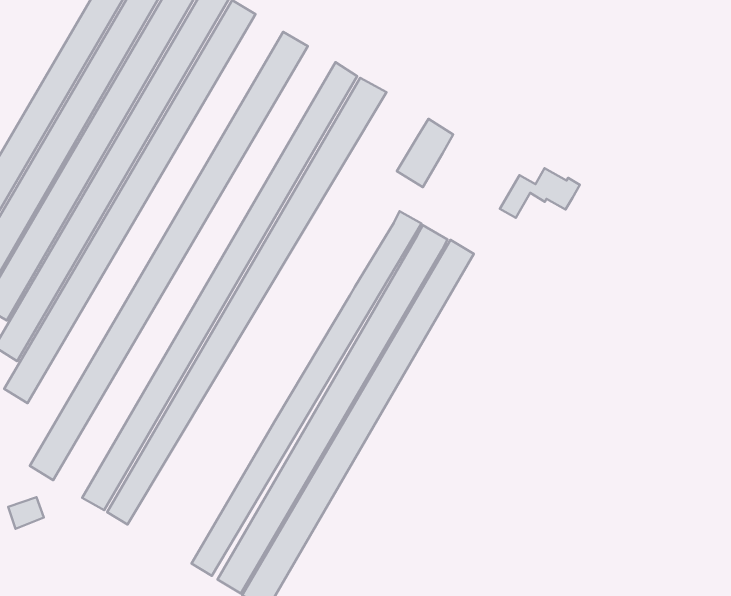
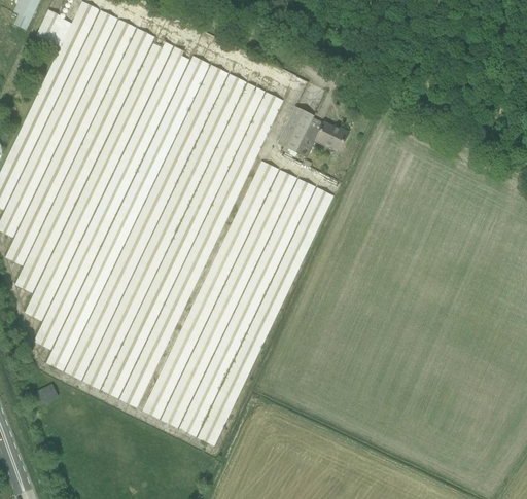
building: none -> [33,46,191,350]
building: none -> [64,64,227,379]
building: none -> [119,92,283,406]
building: [500,168,580,218] -> [295,122,348,157]
building: none -> [141,161,278,418]

